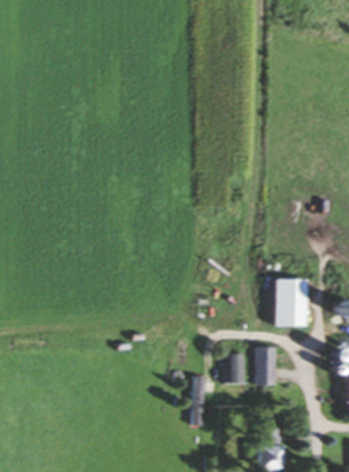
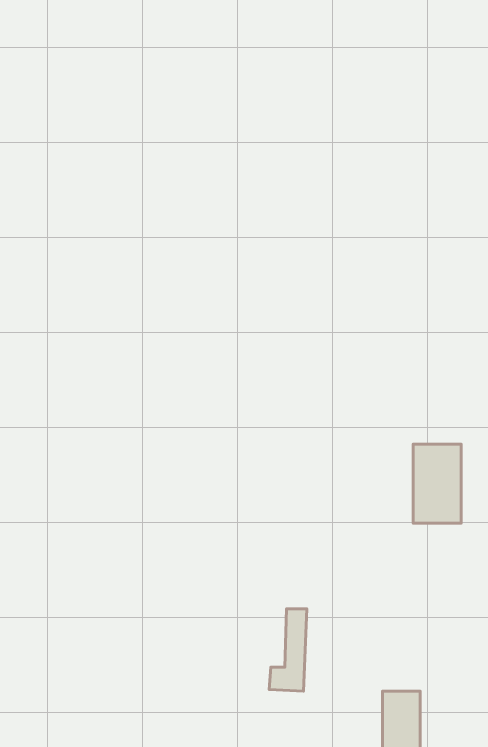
building: [257,347,277,385] -> none
building: [228,356,249,384] -> none

